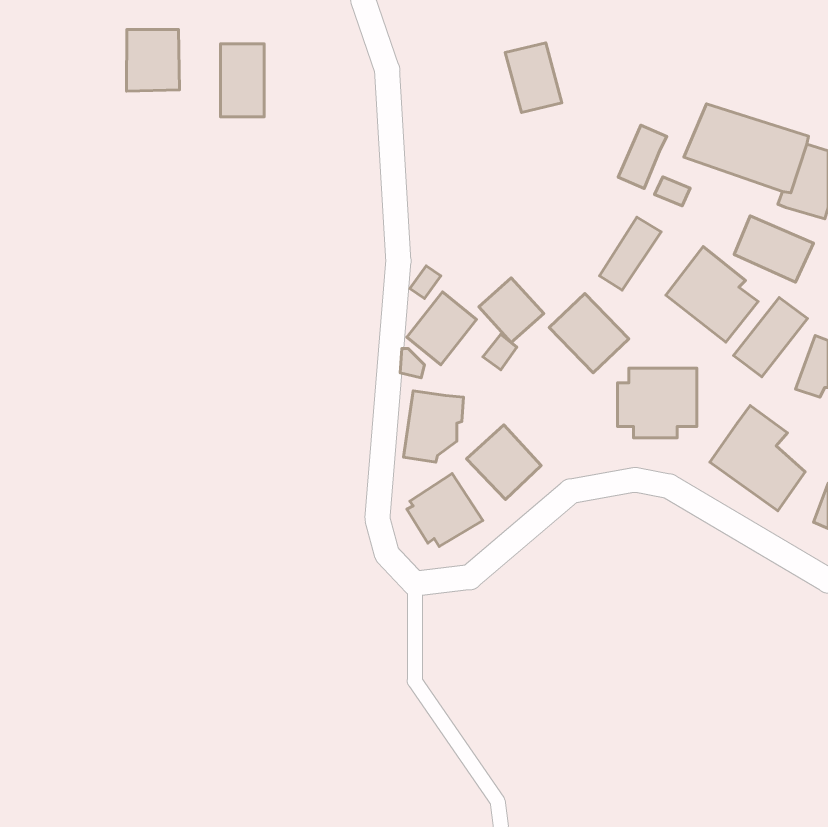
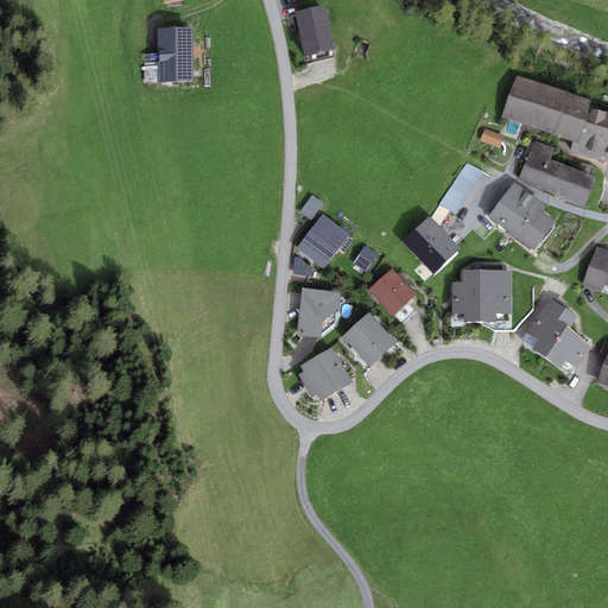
building: [127,30,180,91] -> none
building: [505,43,562,112] -> [294,5,336,56]
building: [618,125,667,188] -> [519,140,555,186]
building: [479,278,544,343] -> [369,267,417,315]
building: [734,297,807,377] -> none

